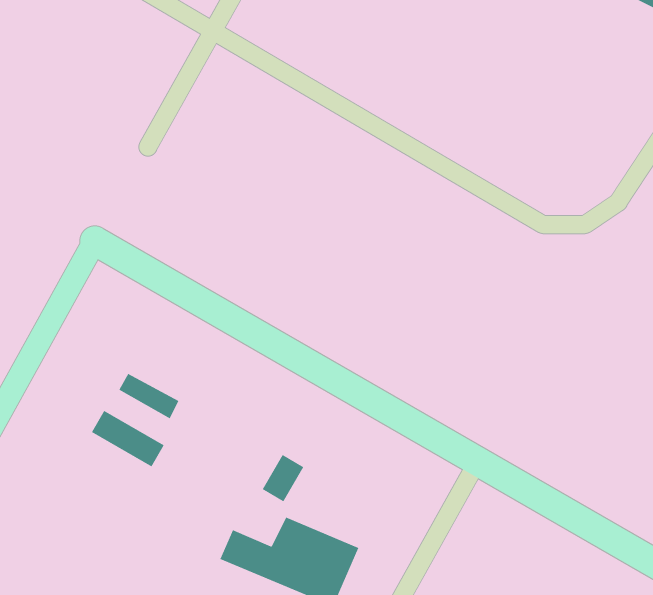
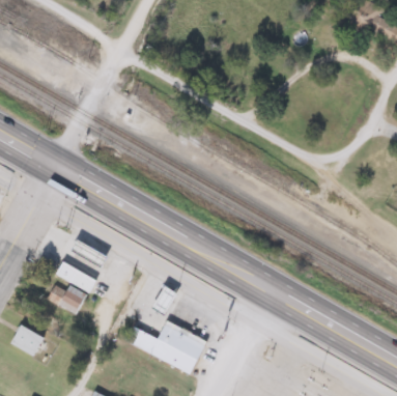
building: none -> [48,280,86,314]
building: none -> [9,323,44,356]

